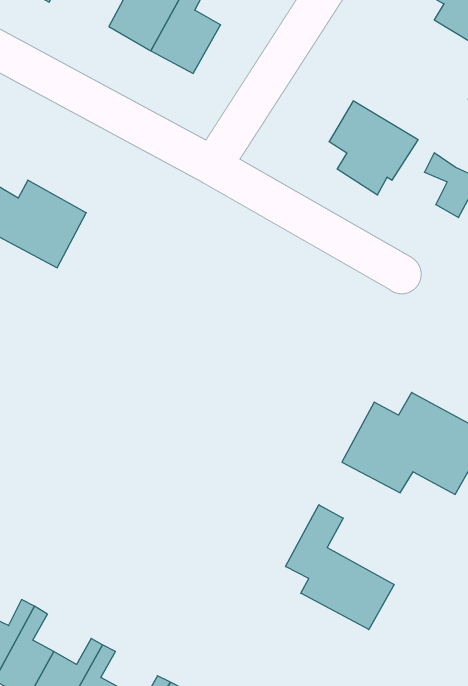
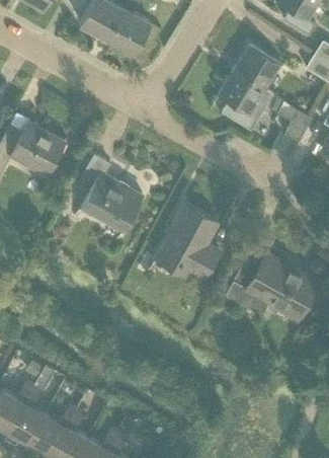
building: none -> [233,46,283,91]
building: none -> [78,155,143,233]
building: none -> [156,206,220,280]
building: [286,505,394,630] -> none

